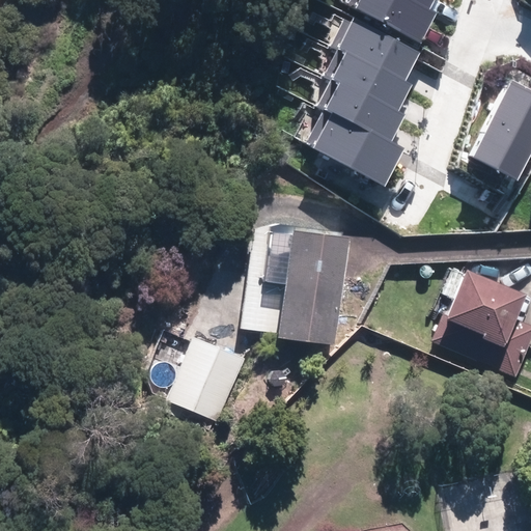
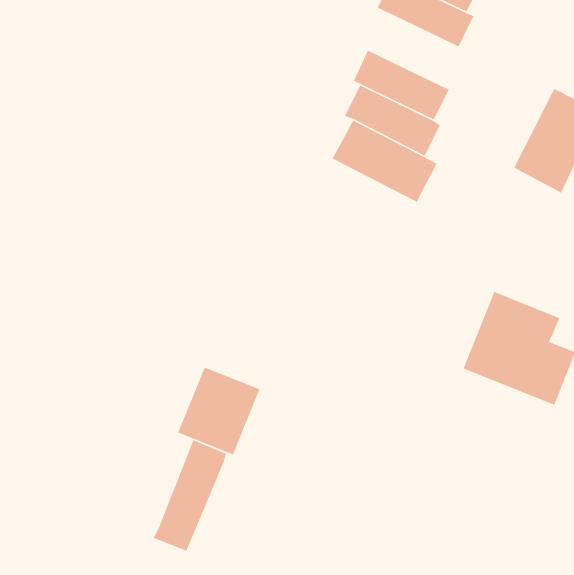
building: [334,13,423,79] -> none
building: [249,226,347,340] -> none
building: none -> [153,439,227,552]

